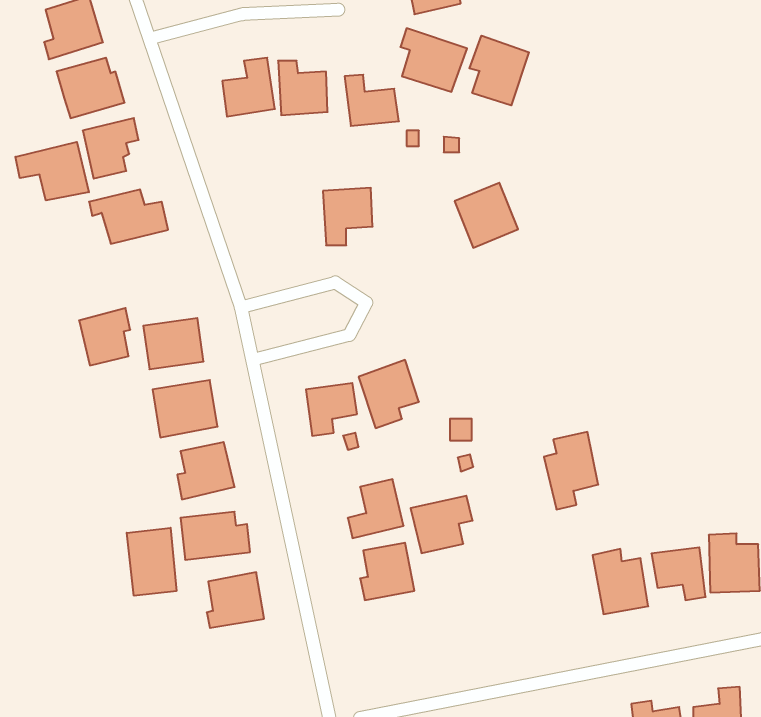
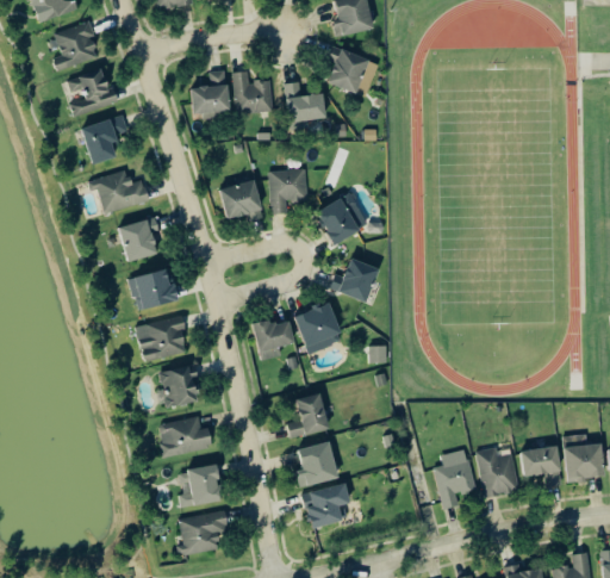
building: [469,36,529,105] -> none
building: [15,142,89,200] -> none
building: [455,183,518,248] -> [318,193,367,243]
building: none -> [214,181,259,222]
building: none -> [330,257,380,302]
building: [79,308,130,365] -> [120,217,160,261]
building: [544,432,598,509] -> [434,449,475,509]
building: [411,496,473,553] -> [303,484,350,528]
building: [127,528,176,596] -> none
building: none -> [179,510,229,552]

